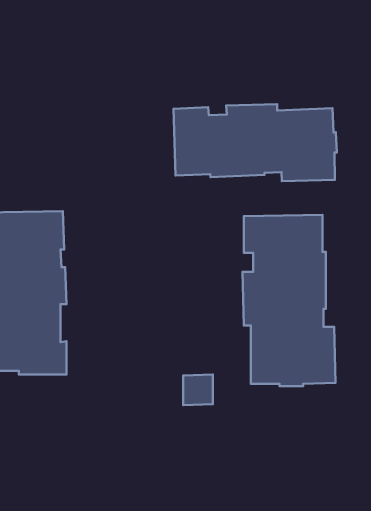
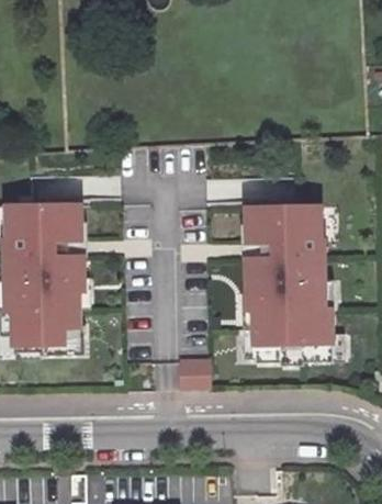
building: [173,104,337,181] -> none

